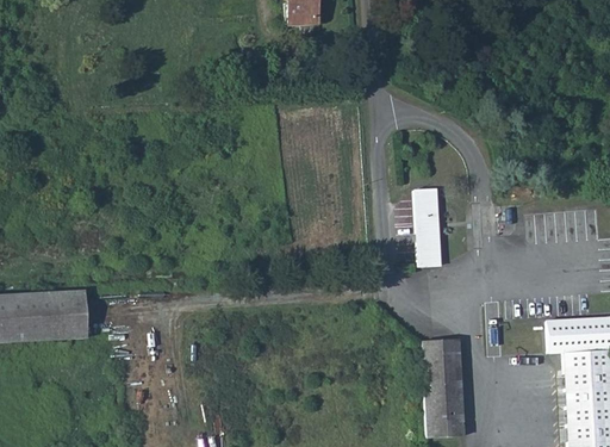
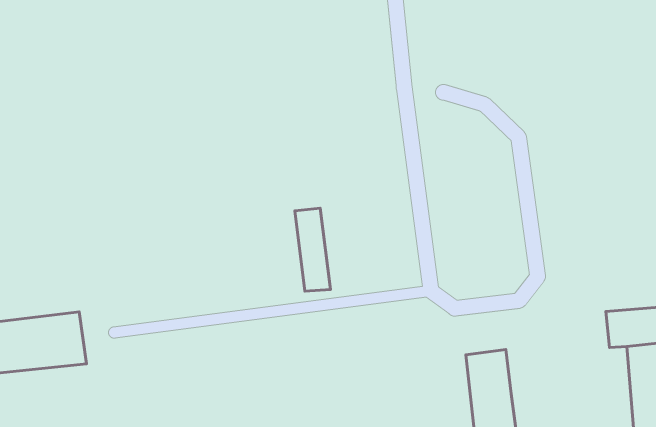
building: [413,188,441,261] -> [295,208,330,291]

